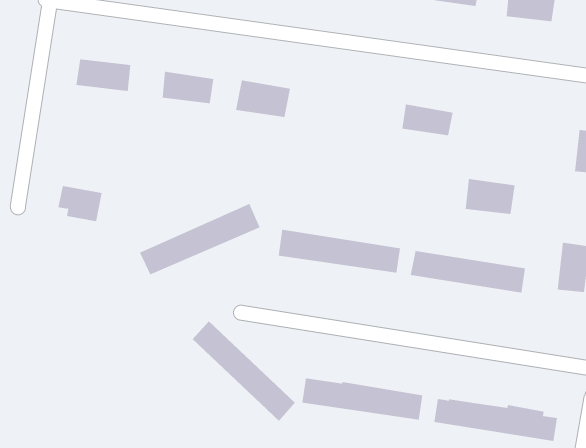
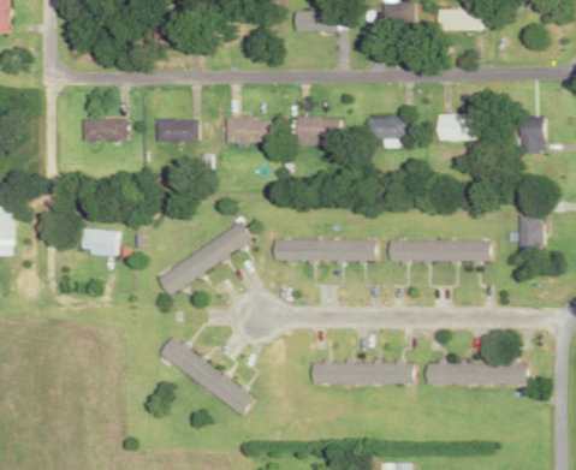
building: none -> [293,117,335,143]
building: [465,178,515,215] -> [433,114,474,141]
building: [192,320,296,422] -> [160,337,256,414]

